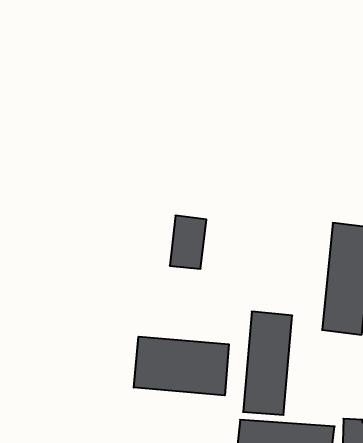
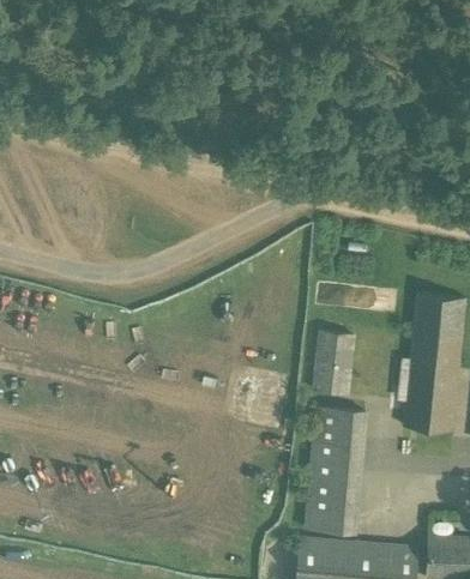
building: [170,216,206,269] -> [311,330,356,396]
building: [134,337,229,395] -> none

